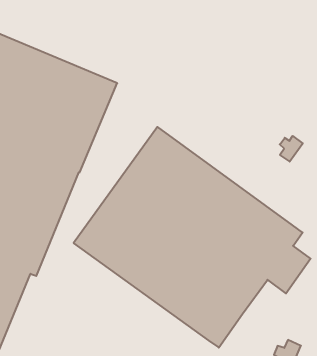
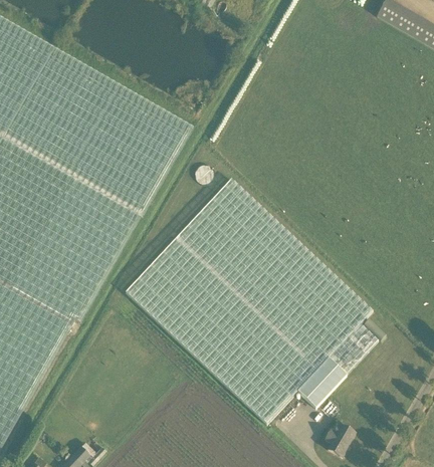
building: [280,136,303,162] -> none
building: none -> [295,356,345,406]

